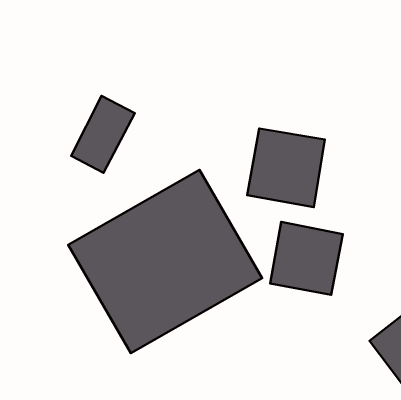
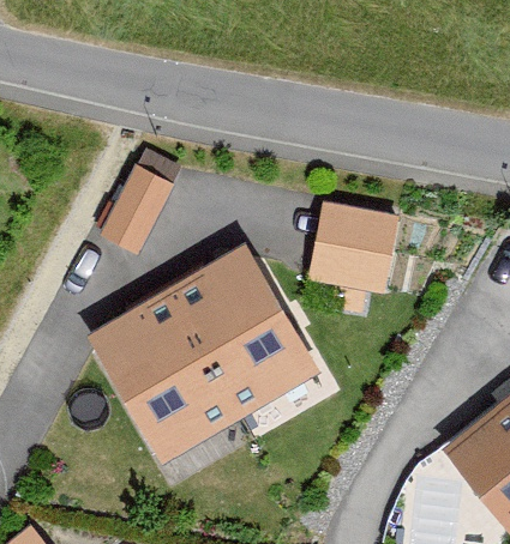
building: [270,222,343,295] -> none

